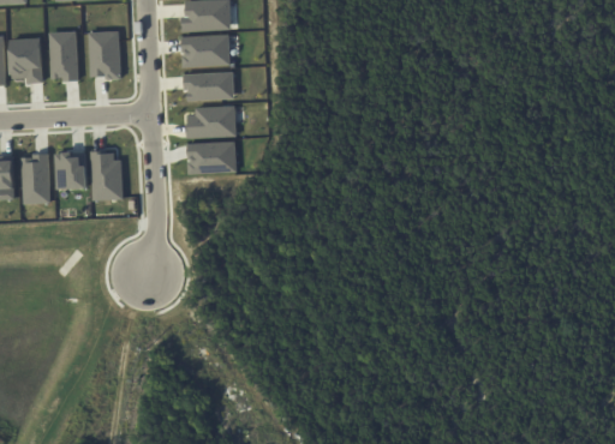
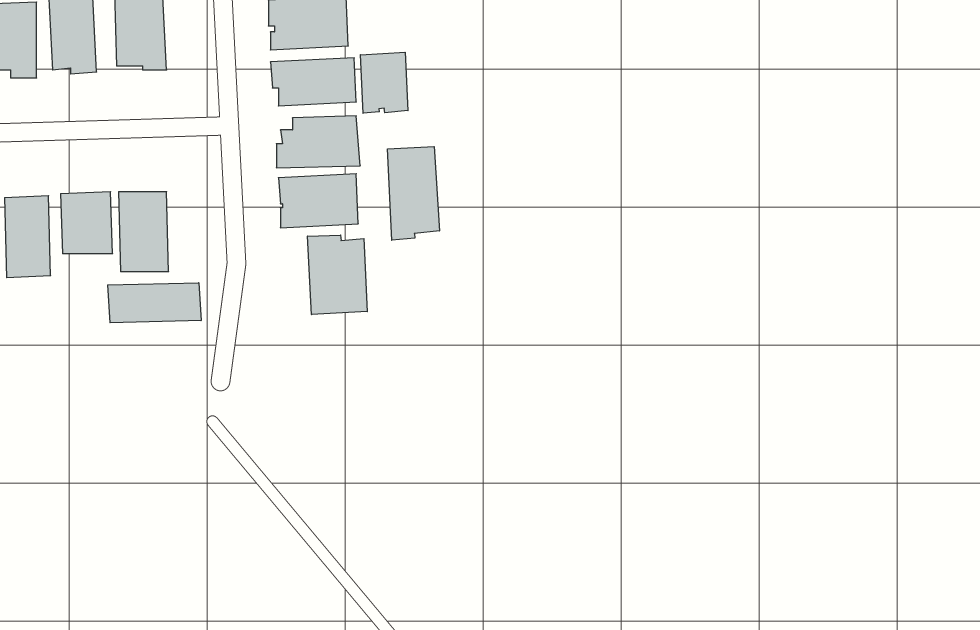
building: none -> [360,52,408,113]
building: none -> [388,147,439,240]
building: none -> [308,235,367,315]
building: none -> [108,283,201,323]

